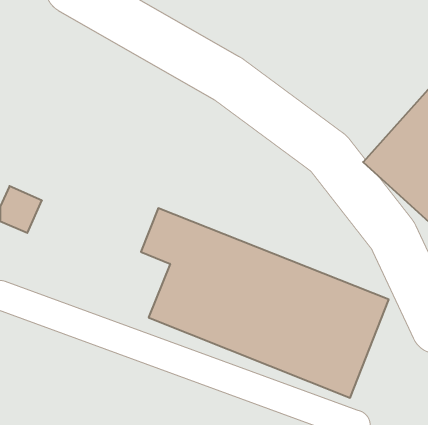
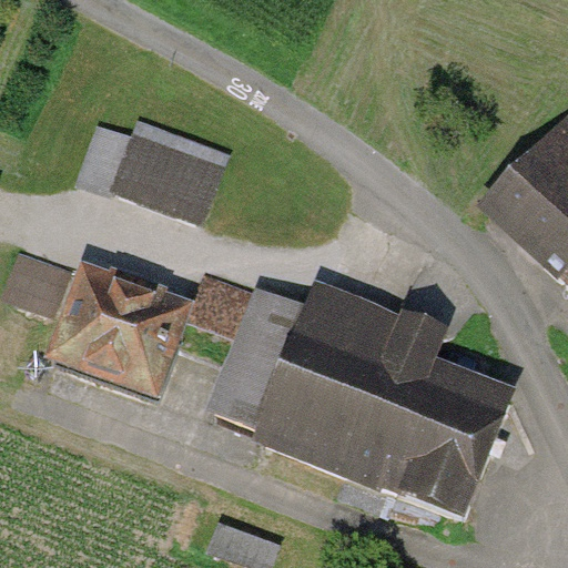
building: none -> [85,118,224,224]
building: none -> [40,258,179,396]

